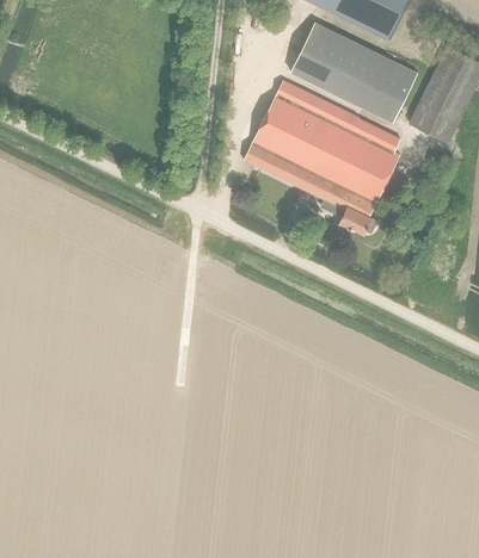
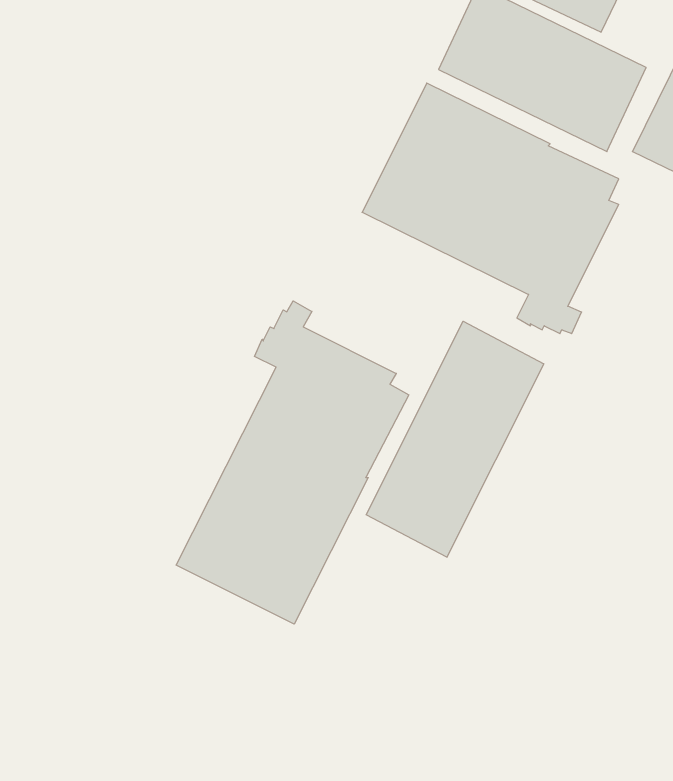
building: none -> [176,301,409,624]
building: none -> [366,321,544,557]

